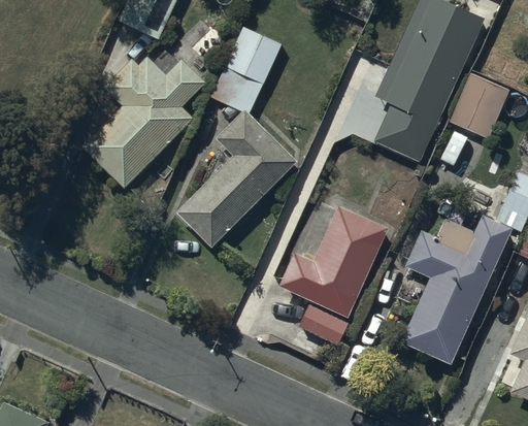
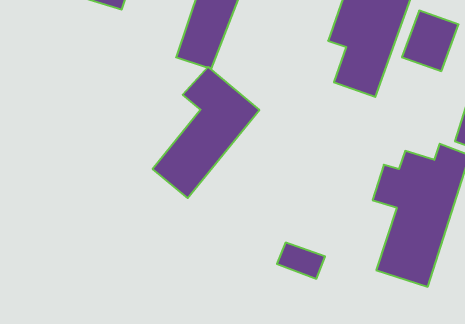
building: [82,57,206,190] -> none
building: [278,204,389,317] -> none

